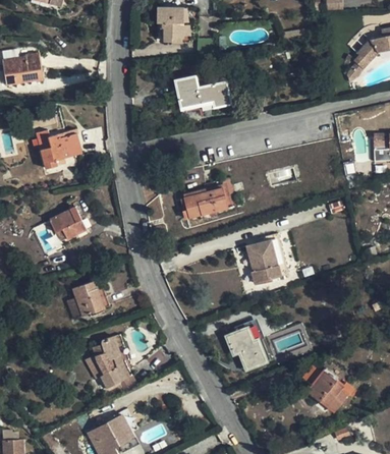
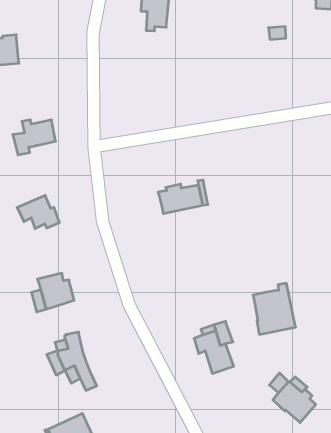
building: [174,76,230,108] -> none
building: [245,233,288,284] -> [253,283,296,334]

